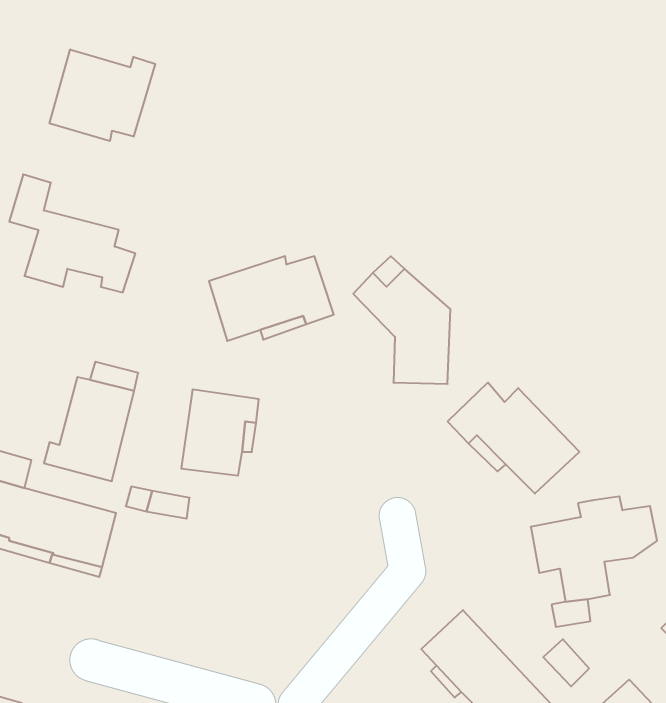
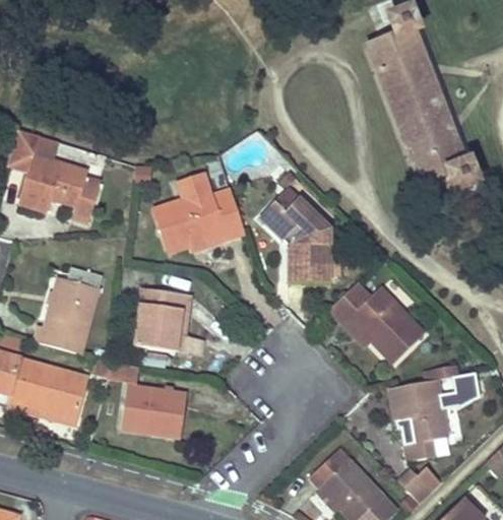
building: none -> [368,11,475,188]
building: [50,49,155,141] -> none
building: none -> [121,384,188,436]

